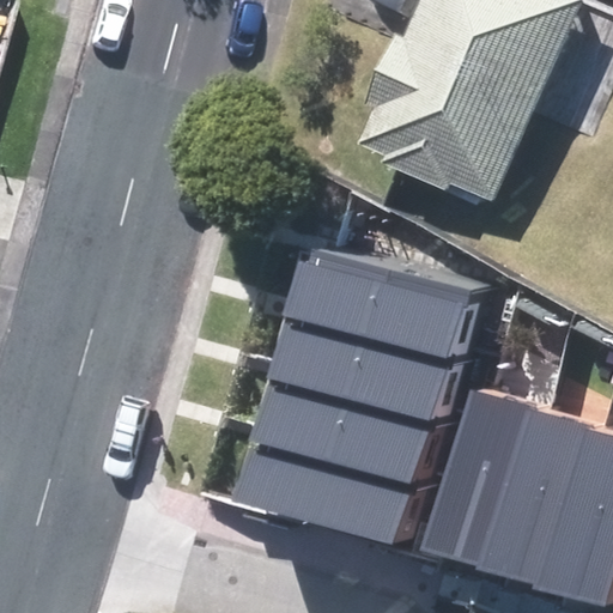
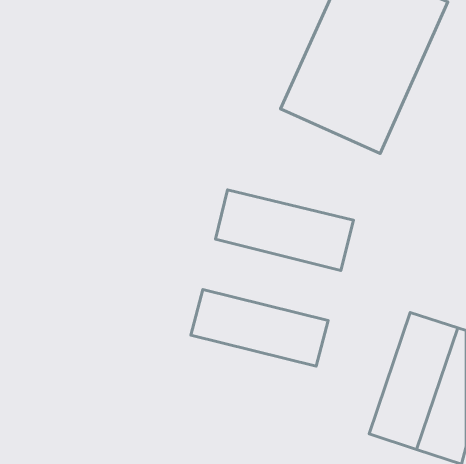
building: [266,314,447,420] -> none
building: [420,388,538,569] -> none
building: [235,439,414,544] -> none

